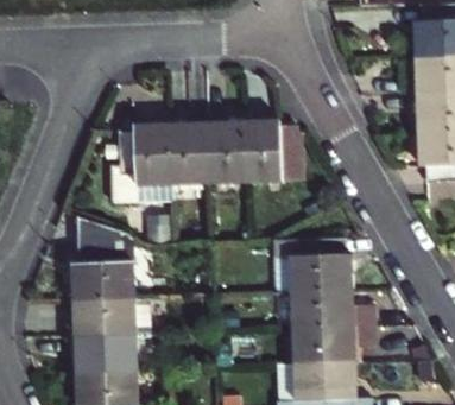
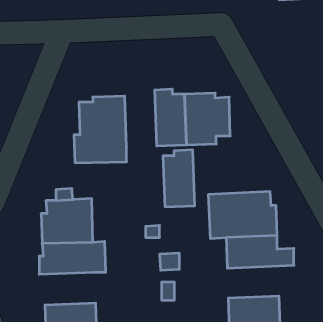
building: [171,116,209,184] -> [163,150,195,207]
building: [293,325,374,365] -> none
building: [69,334,137,373] -> none

